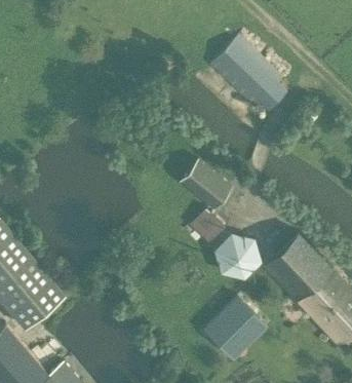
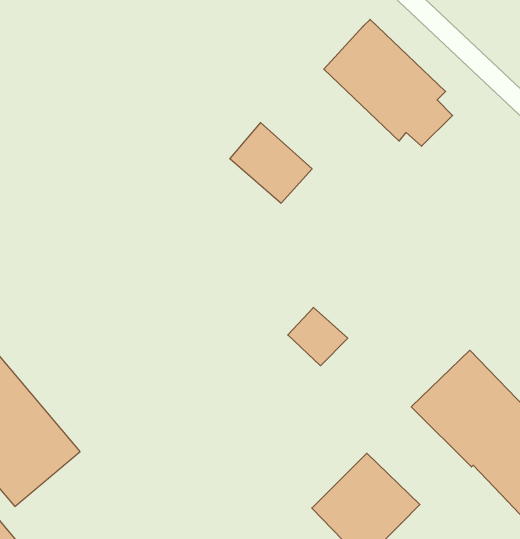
building: [185,160,234,208] -> [230,123,312,203]
building: [216,233,263,279] -> none

